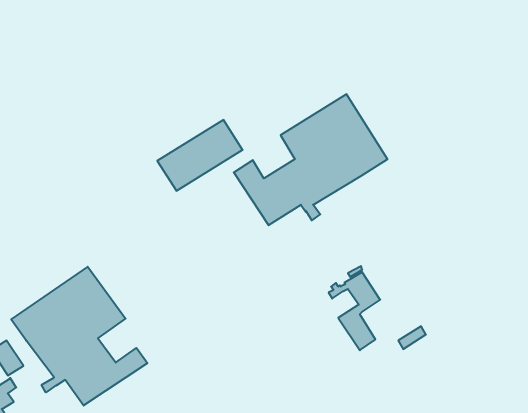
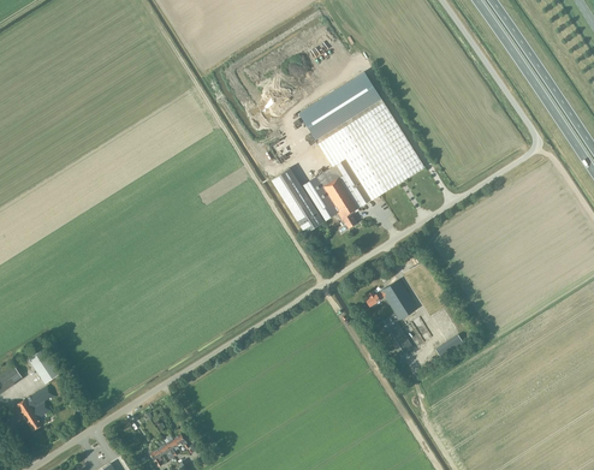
building: [157,120,243,191] -> [298,72,384,143]
building: [11,267,147,406] -> none

